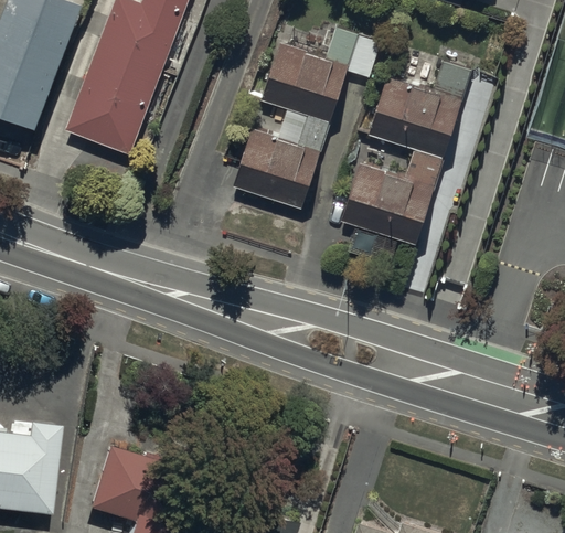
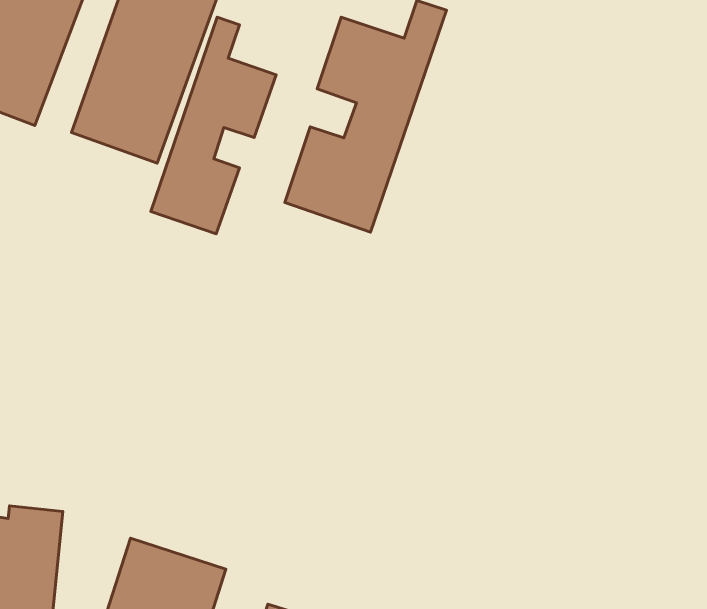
building: none -> [151,17,276,234]
building: [339,60,471,253] -> none

